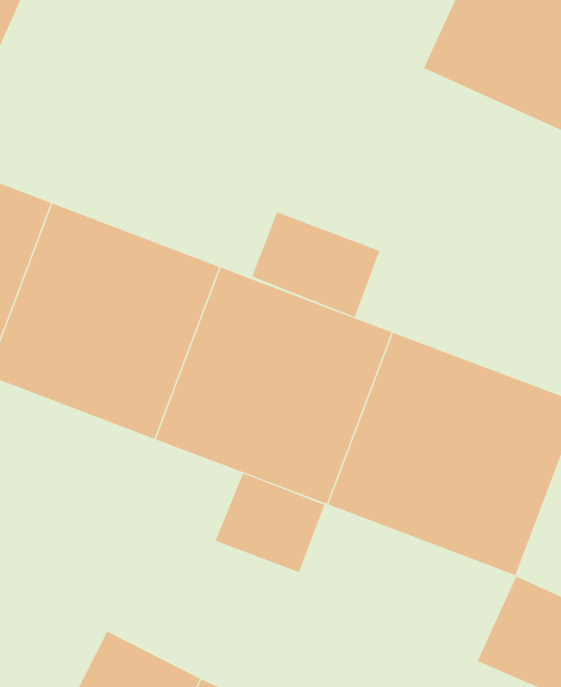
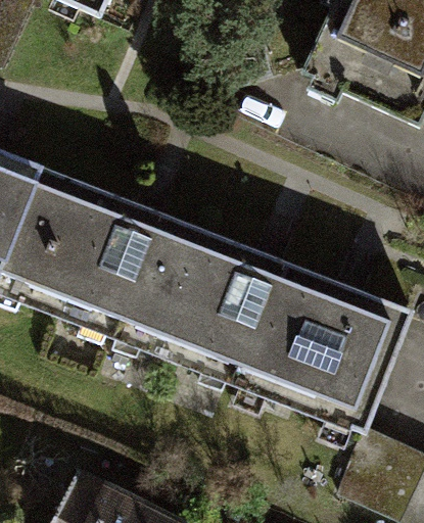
building: [251,212,380,318] -> none
building: [215,473,325,573] -> none

